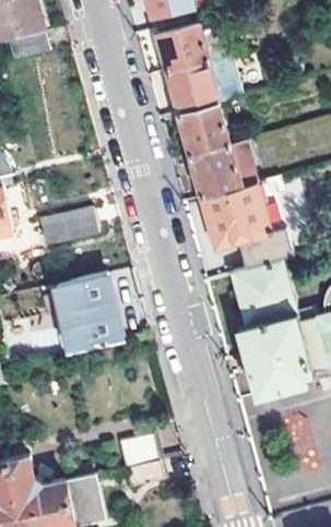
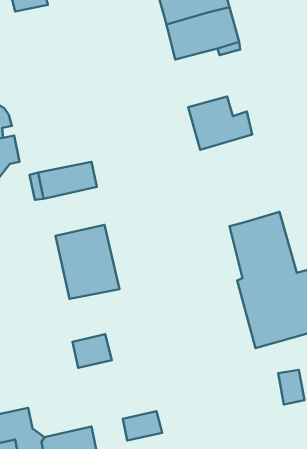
building: [179,105,229,156] -> none
building: [202,183,292,272] -> none
building: [119,434,158,468] -> [73,334,112,368]

